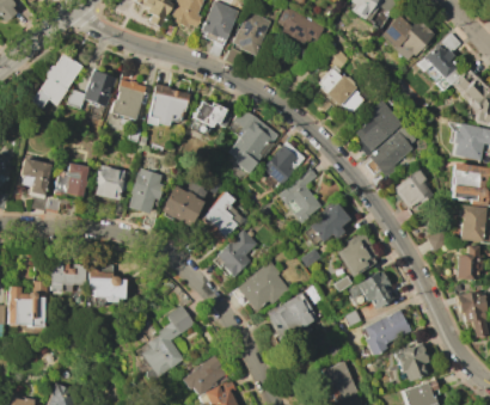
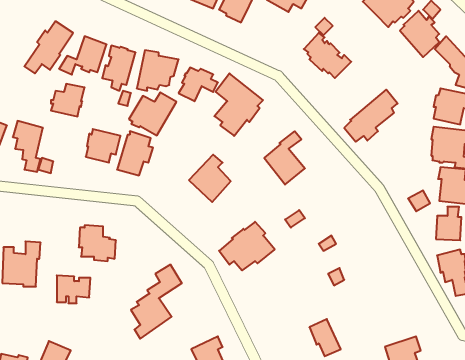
building: [355,99,404,154] -> none
building: [263,141,306,185] -> none
building: [55,162,90,196] -> [51,84,85,116]
building: [394,168,435,208] -> none
building: [161,182,210,226] -> [129,92,176,135]
building: [307,200,350,241] -> none
building: [215,228,258,276] -> none
building: [337,233,379,277] -> none
building: [53,262,87,290] -> [57,275,90,303]
building: [350,271,394,308] -> none
building: [268,284,327,338] -> none
building: [366,309,412,355] -> none
building: [396,343,429,381] -> none
building: [182,355,227,395] -> none

